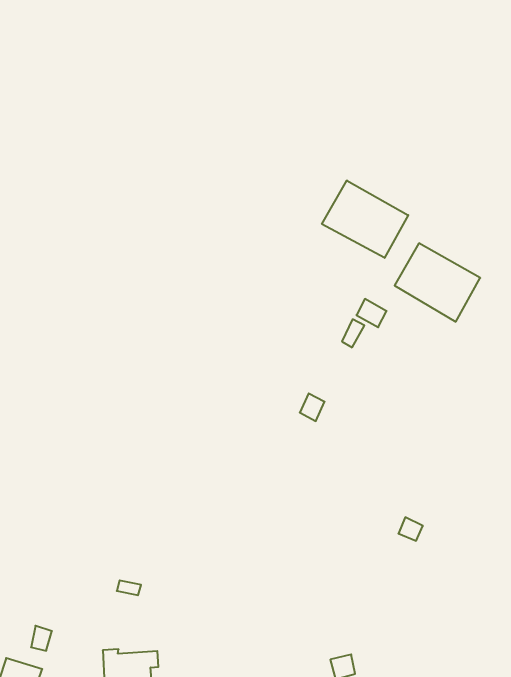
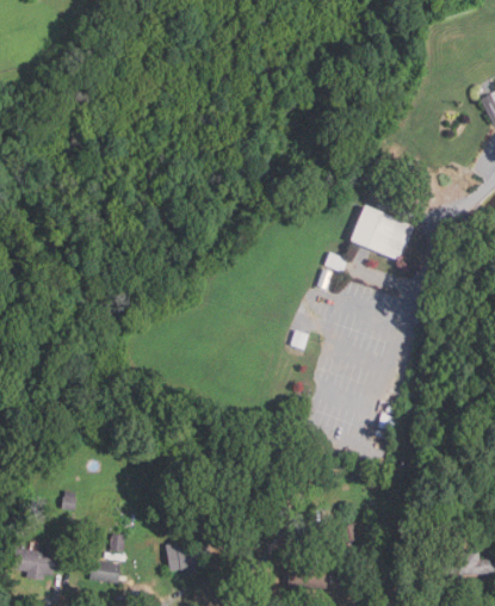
building: [322,180,408,258] -> none

